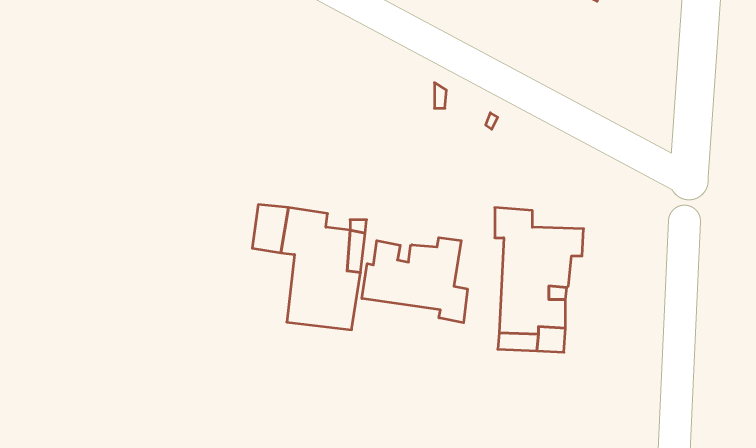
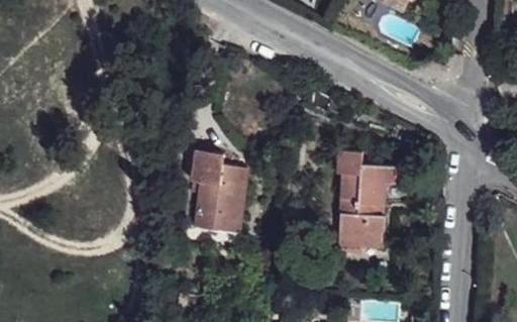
building: [362,238,467,323] -> none

